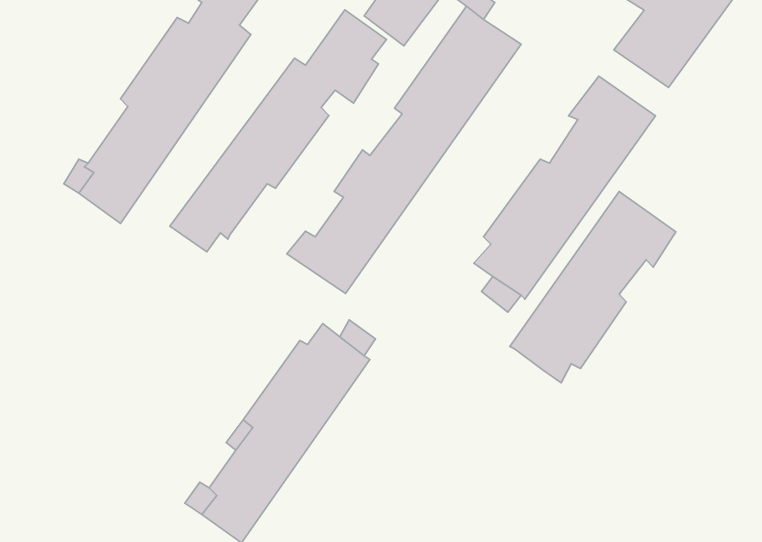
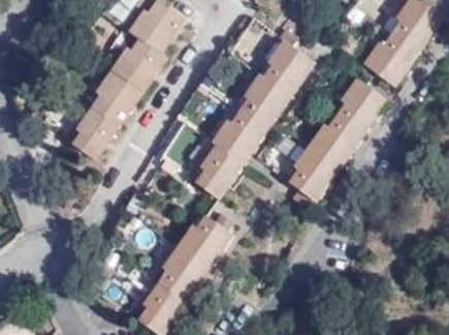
building: [170,10,387,252] -> none
building: [510,191,676,383] -> none

